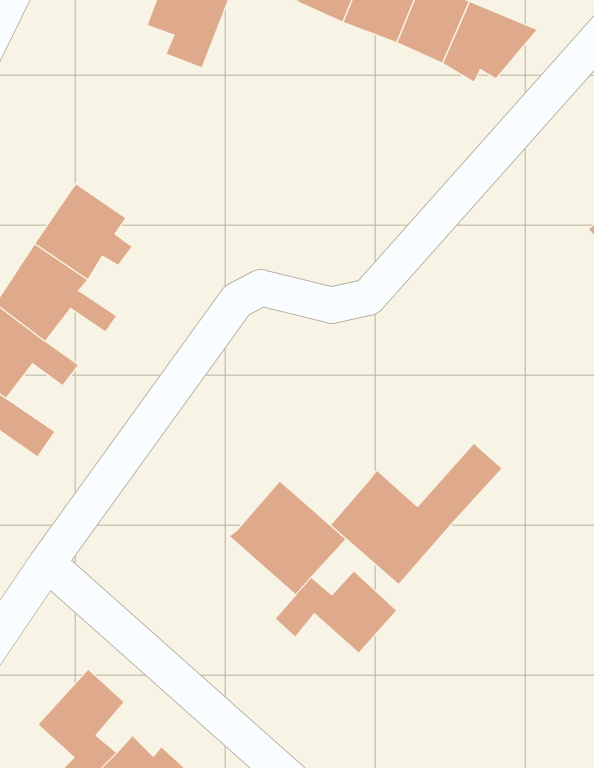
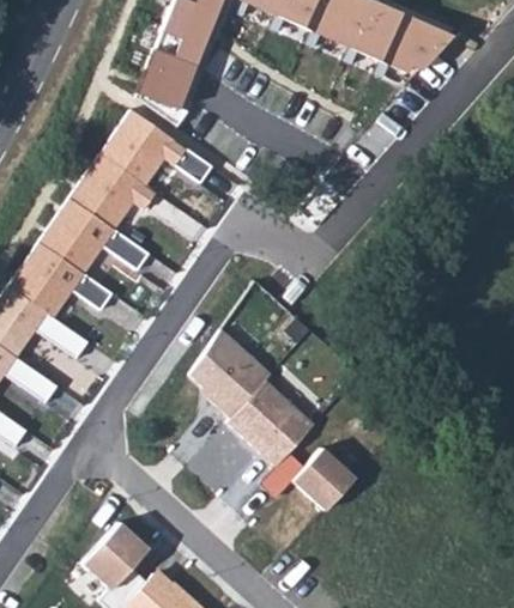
building: none -> [143,49,202,105]
building: none -> [107,111,208,184]
building: none -> [186,327,267,415]
building: [330,443,502,585] -> none

